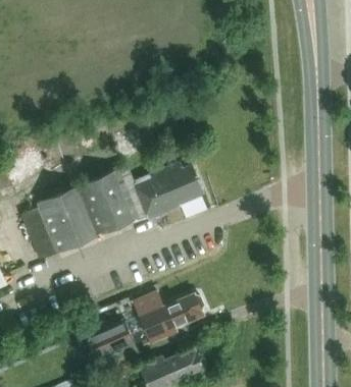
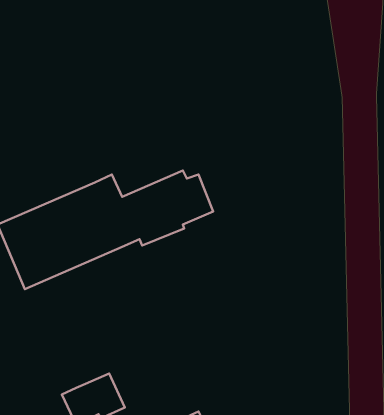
building: [130,292,202,345] -> none

